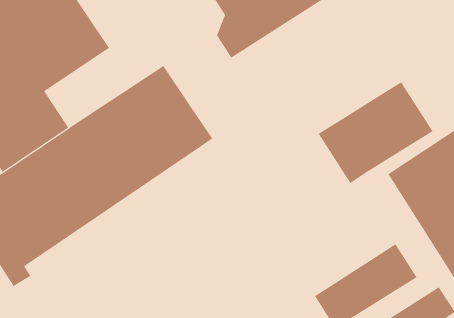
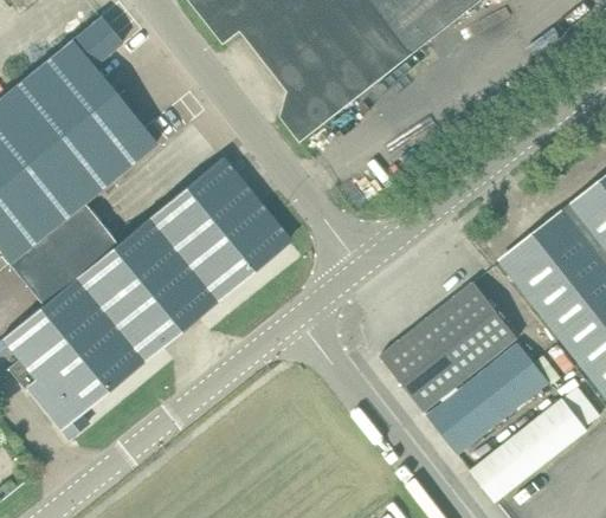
building: [318,81,433,184] -> [380,283,517,410]

